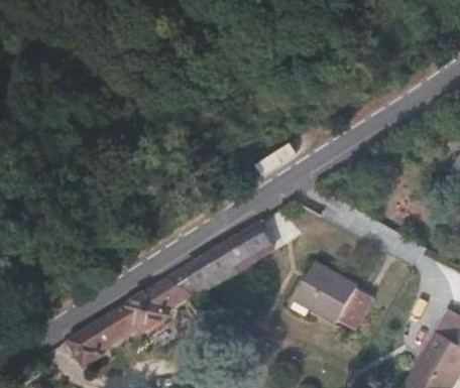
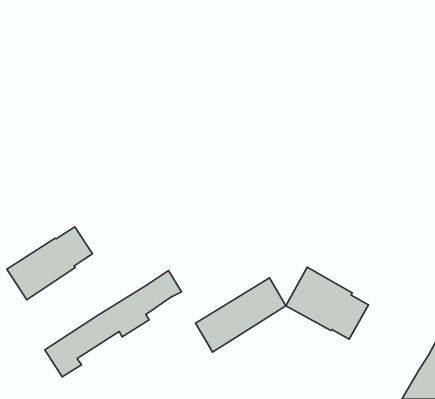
building: [184,224,268,293] -> [195,278,286,352]
building: none -> [7,227,93,300]

